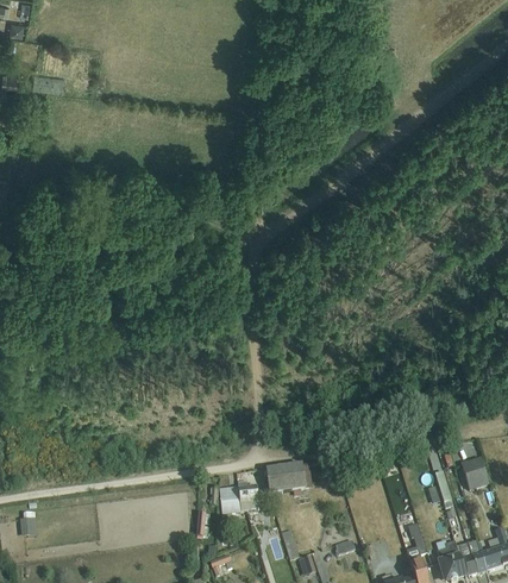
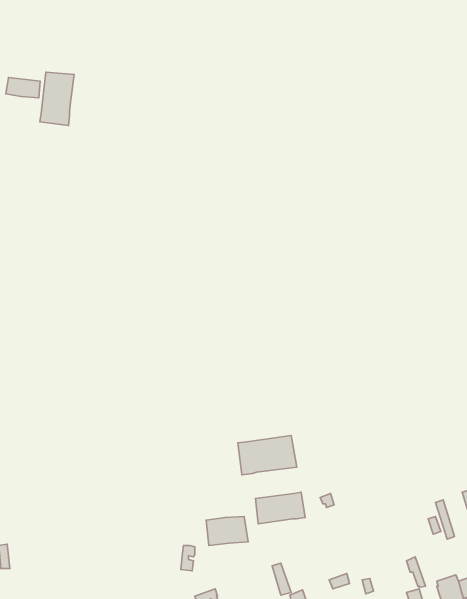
building: none -> [40,72,74,126]
building: none -> [238,435,297,475]

